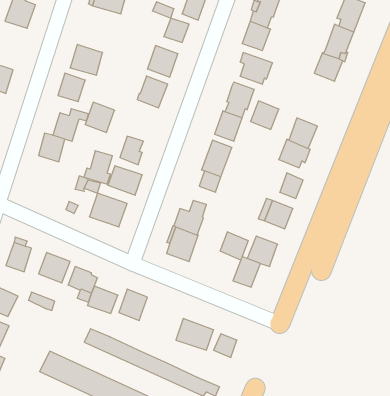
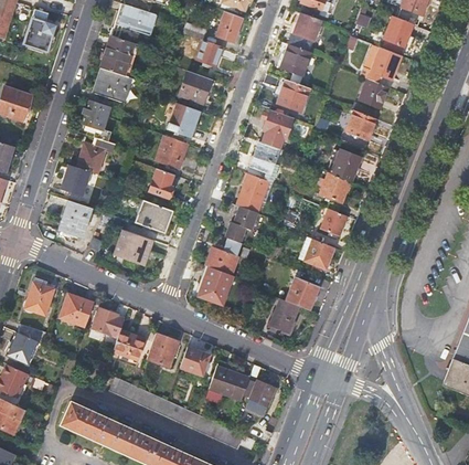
building: none -> [99,38,134,77]
building: [250,101,279,129] -> [345,110,376,141]
building: [85,102,115,133] -> [156,136,188,169]
building: [84,151,112,184] -> [58,202,89,239]
building: [220,232,248,260] -> none
building: none -> [180,348,210,377]

